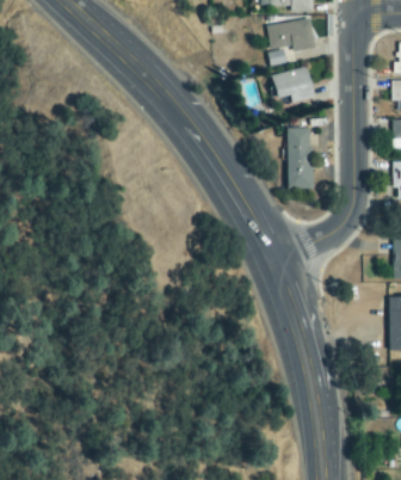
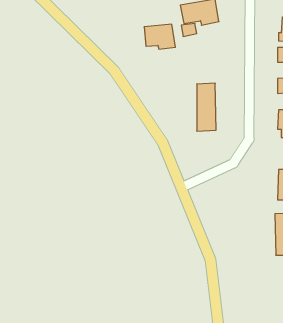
building: [273,68,314,100] -> [144,24,175,49]

